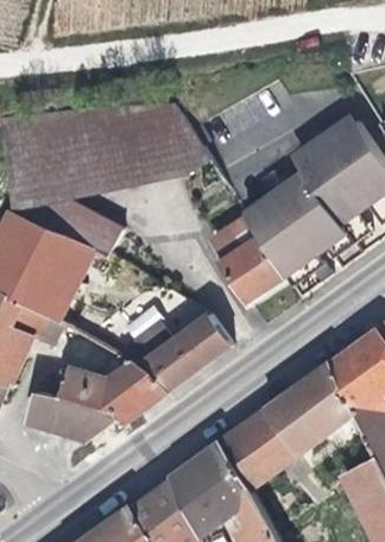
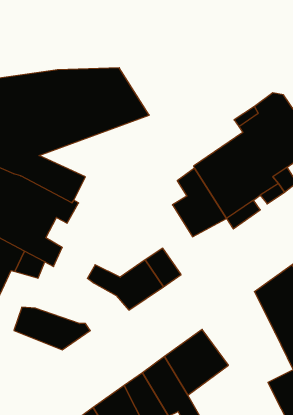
building: [56,355,171,420] -> none
building: [261,366,351,456] -> none

